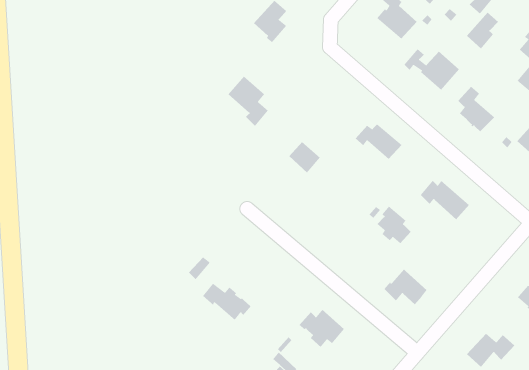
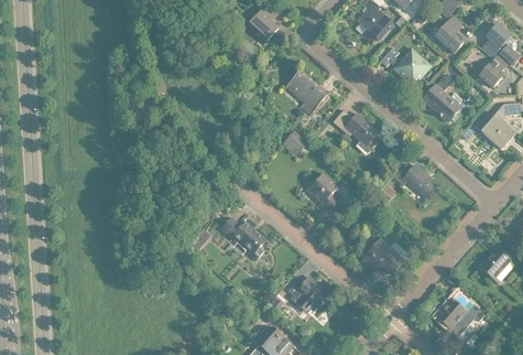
building: [228,75,269,127] -> [285,69,322,115]
building: [376,205,411,244] -> [310,174,341,208]
building: [202,282,252,321] -> [221,218,265,252]

